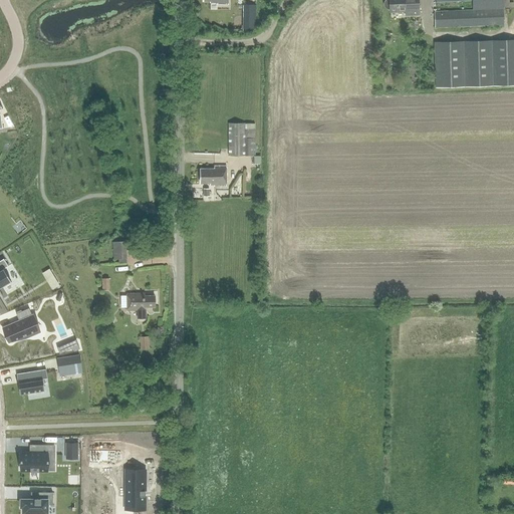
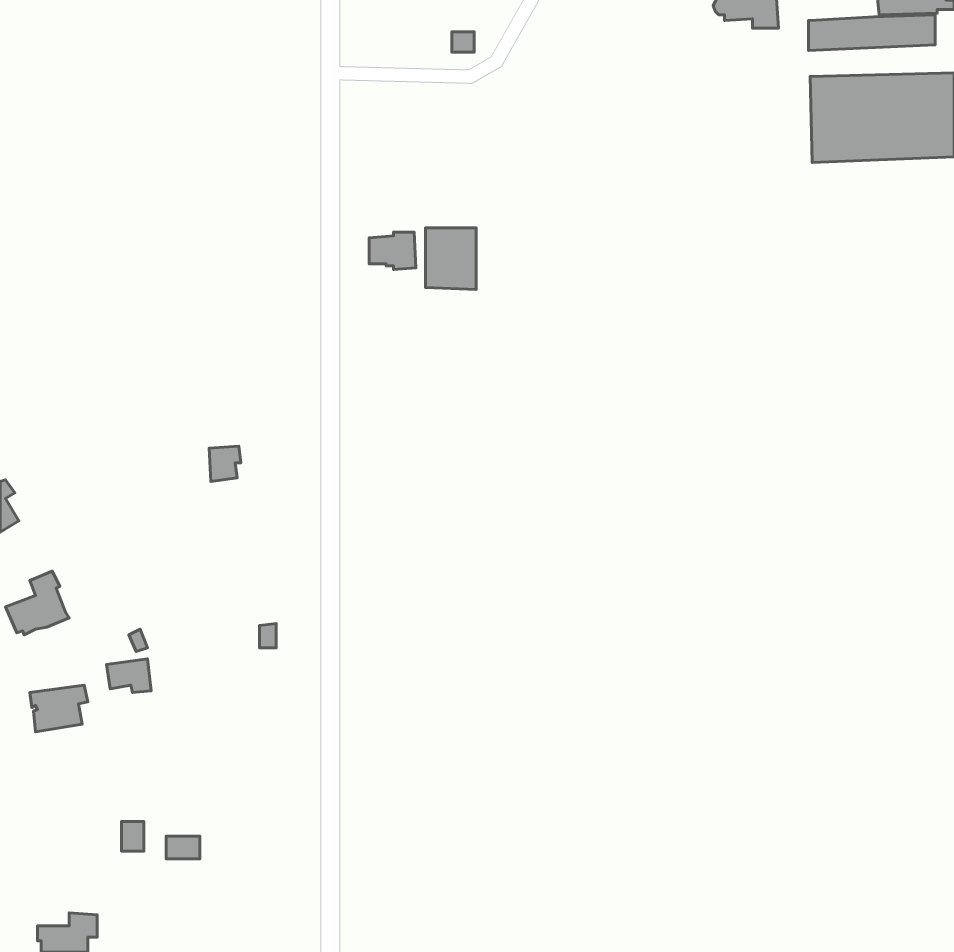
building: [201,166,226,186] -> [369,232,416,270]
building: [126,292,155,317] -> none
building: [21,444,52,470] -> none
building: [125,471,144,507] -> none

